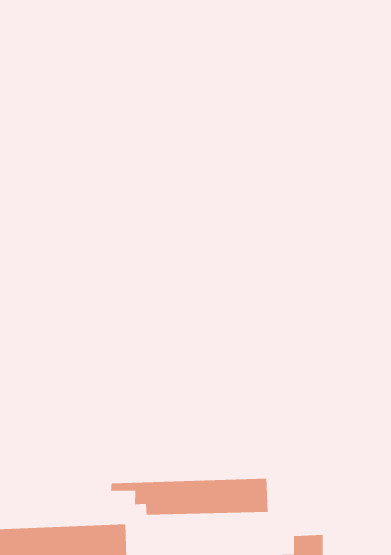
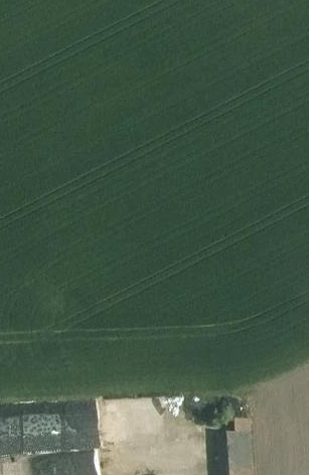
building: [110,478,268,515] -> none

